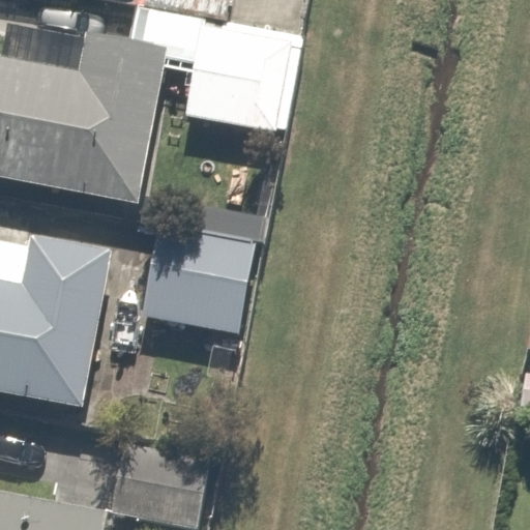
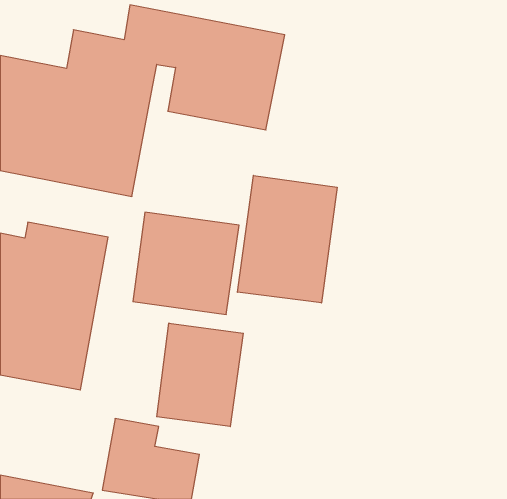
building: none -> [237,175,337,303]
building: none -> [157,323,243,427]

